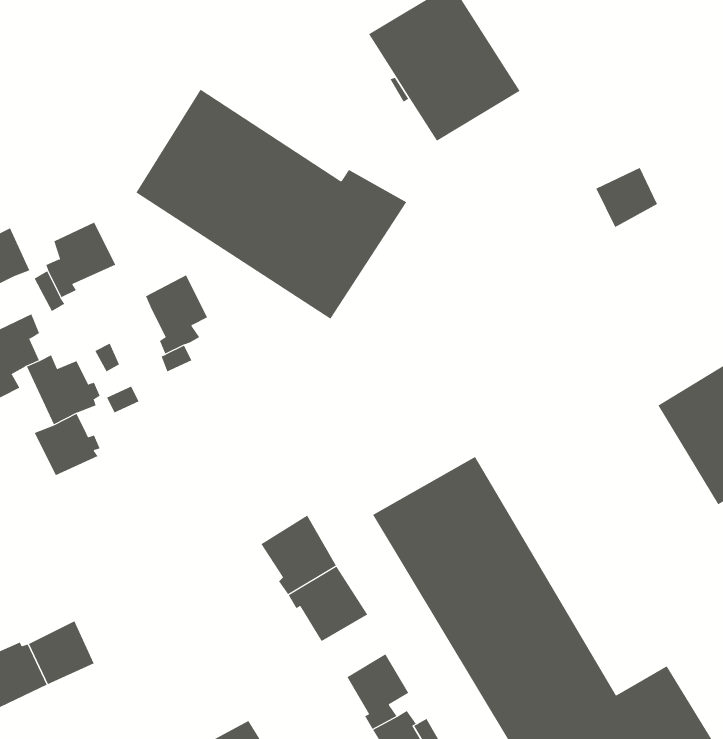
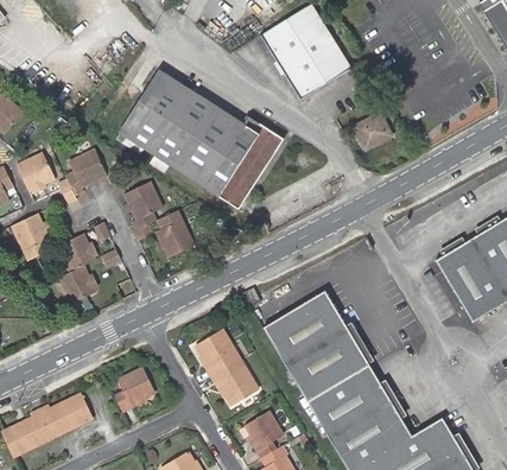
building: [595,167,658,228] -> [353,113,391,150]
building: none -> [152,210,195,258]
building: none -> [115,368,154,412]

